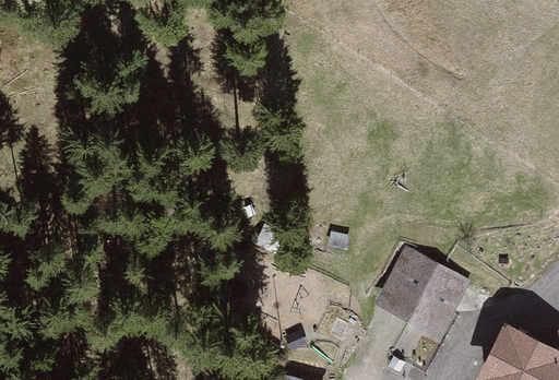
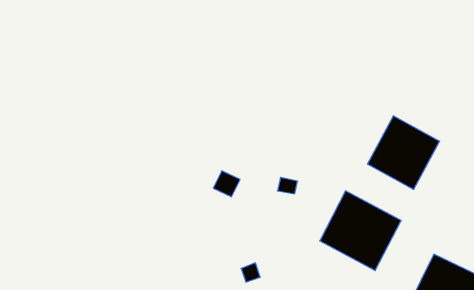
building: none -> [368,116,440,190]

